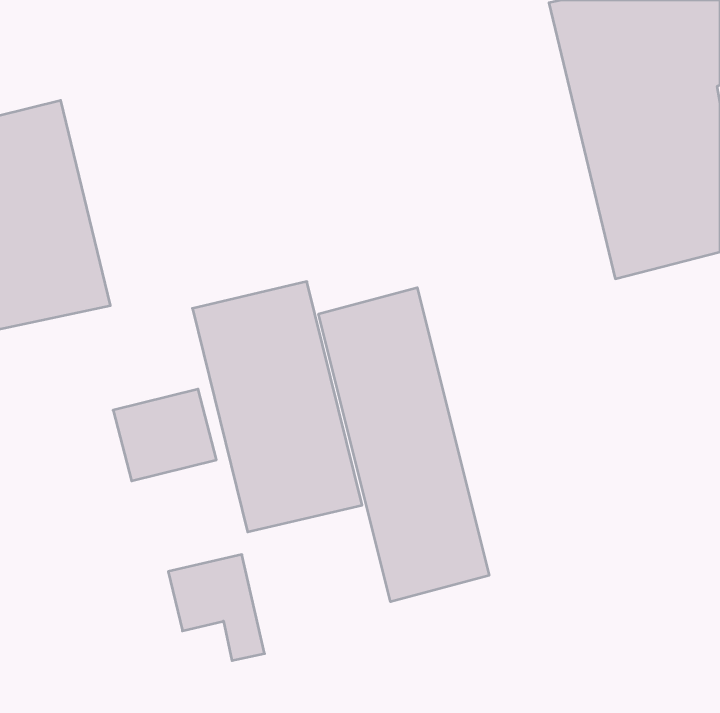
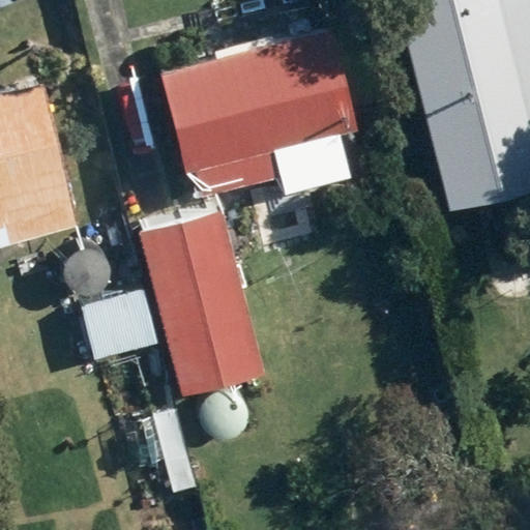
building: none -> [161,29,356,196]
building: [319,288,489,602] -> none

